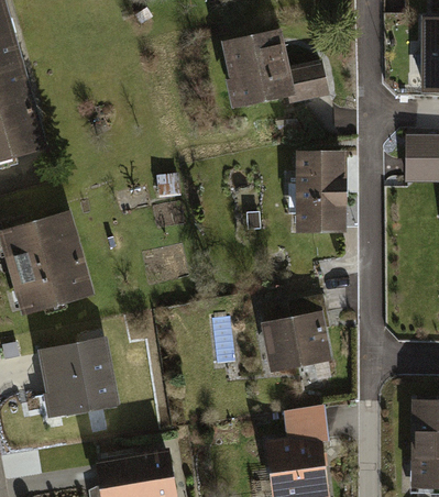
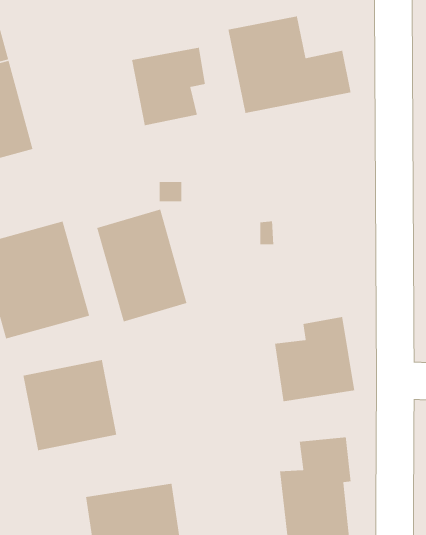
building: none -> [131,47,206,126]
building: [293,150,345,234] -> none
building: none -> [96,209,188,322]

